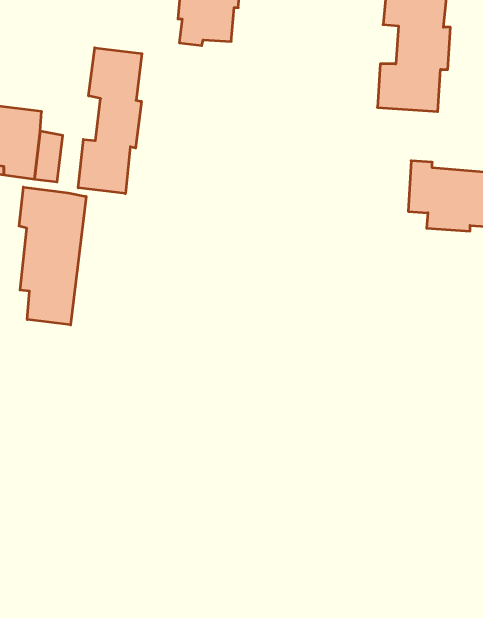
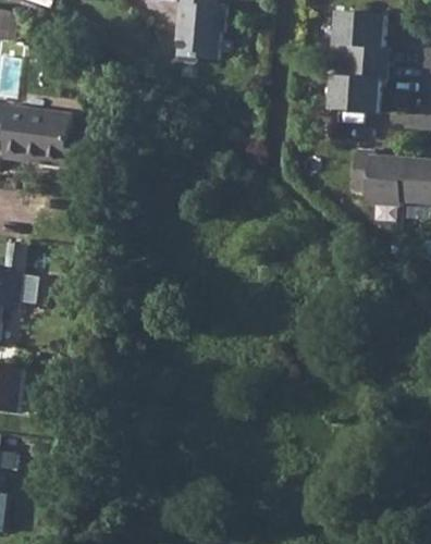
building: [78,48,142,194] -> none
building: [19,187,86,325] -> none

